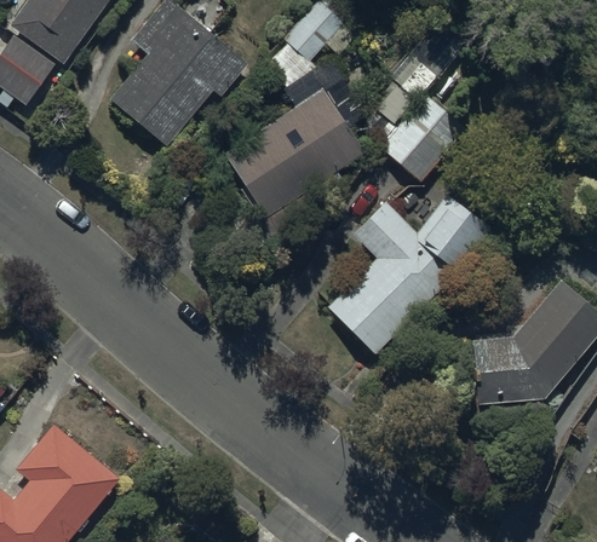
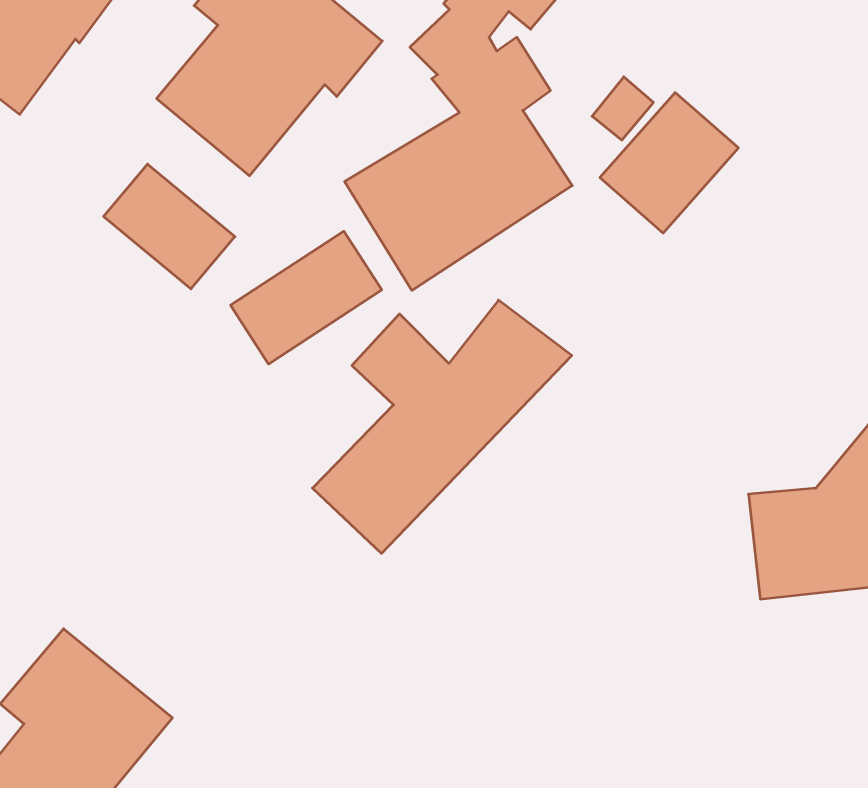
building: none -> [104,164,235,289]
building: none -> [231,231,382,364]
building: [332,194,490,348] -> [312,300,572,553]

